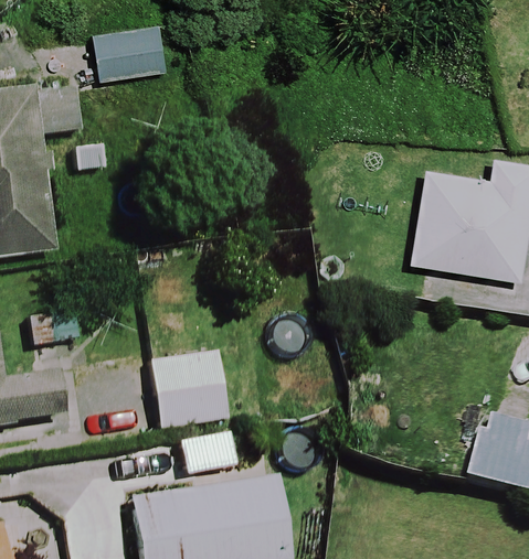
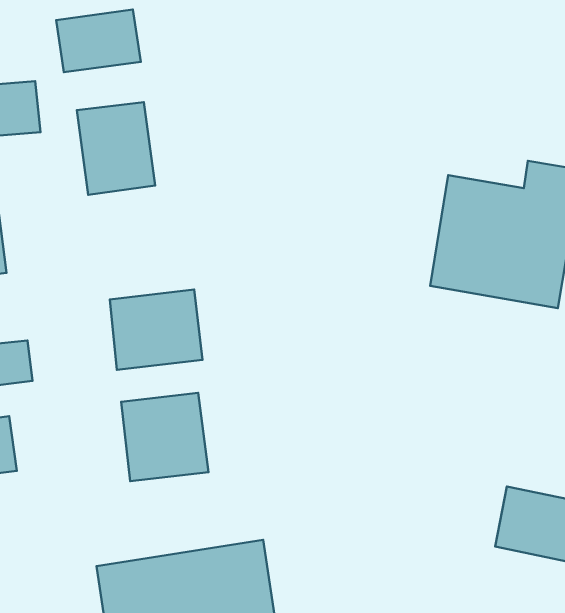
building: none -> [77,102,155,195]
building: none -> [110,290,203,370]

